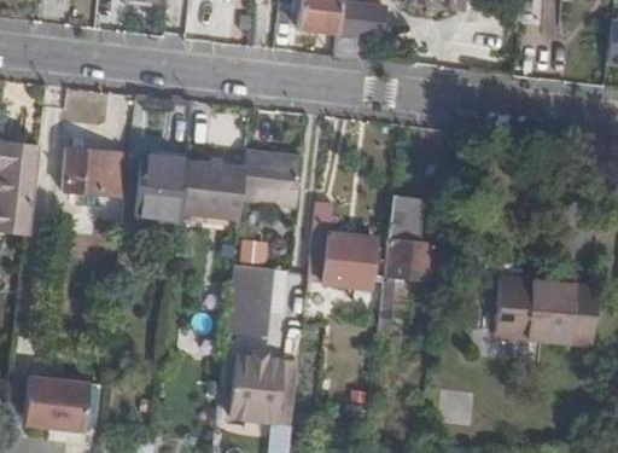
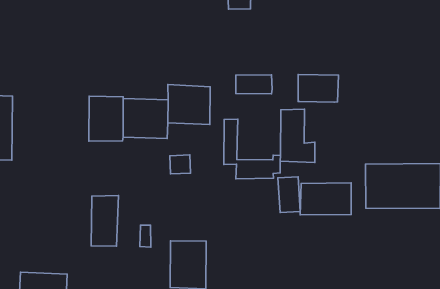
building: [64,147,127,196] -> none
building: none -> [298,75,338,102]
building: [330,232,379,261] -> [236,75,272,94]
building: [231,273,273,342] -> [91,196,118,246]
building: none -> [300,183,351,215]

